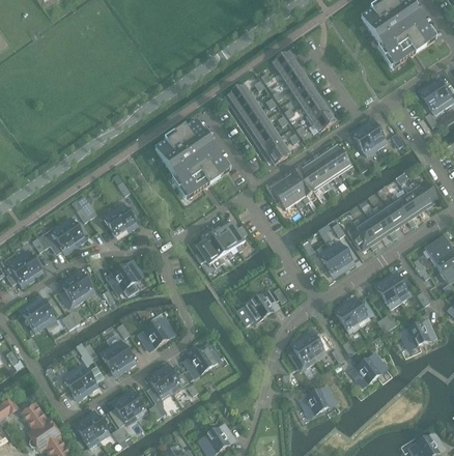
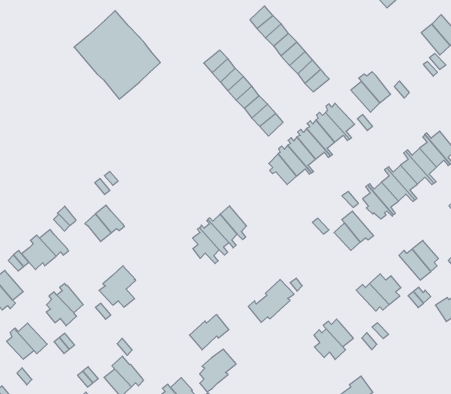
building: [154,120,228,198] -> [74,11,160,99]
building: [139,319,174,348] -> [189,315,229,350]
building: [352,352,385,387] -> none

